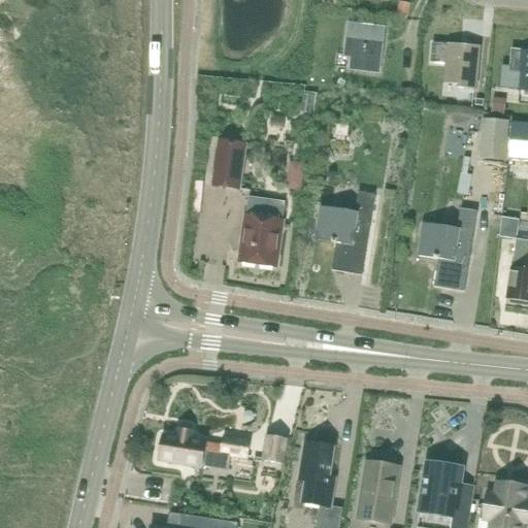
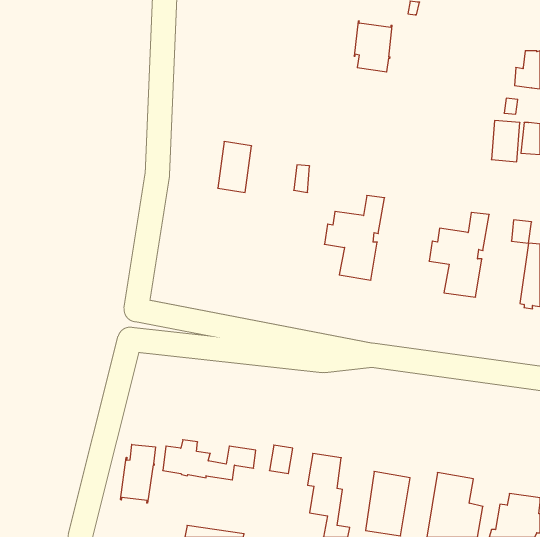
building: [430,39,478,86] -> none
building: [239,195,284,266] -> none
building: none -> [121,444,155,503]

